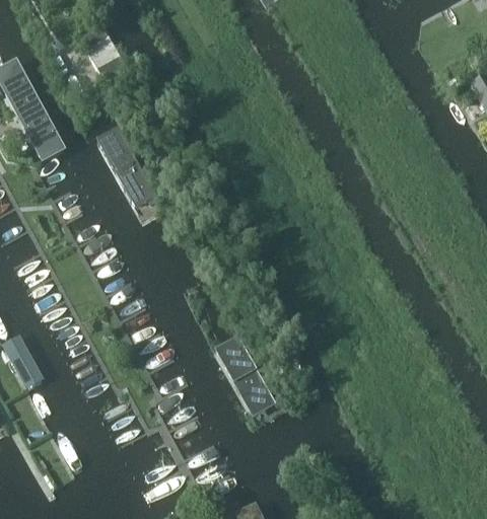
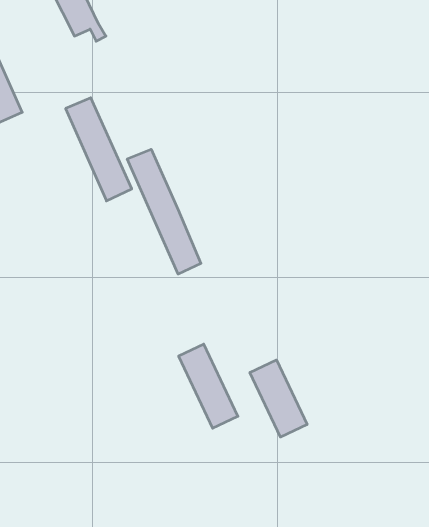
building: none -> [127,149,201,274]
building: none -> [250,360,307,437]

